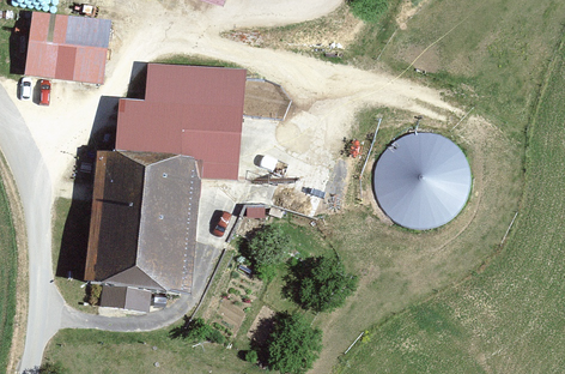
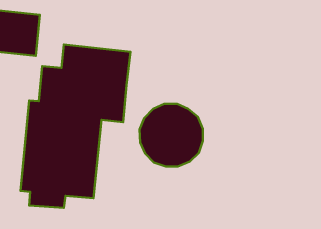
building: [373,134,468,228] -> [139,104,203,166]

